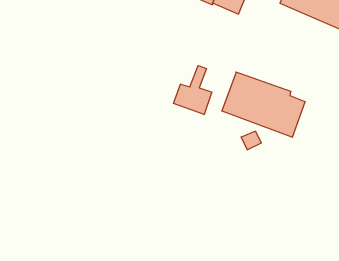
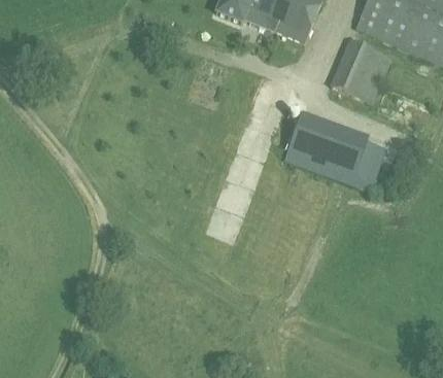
building: none -> [330,39,391,103]
building: [173,66,212,115] -> none

